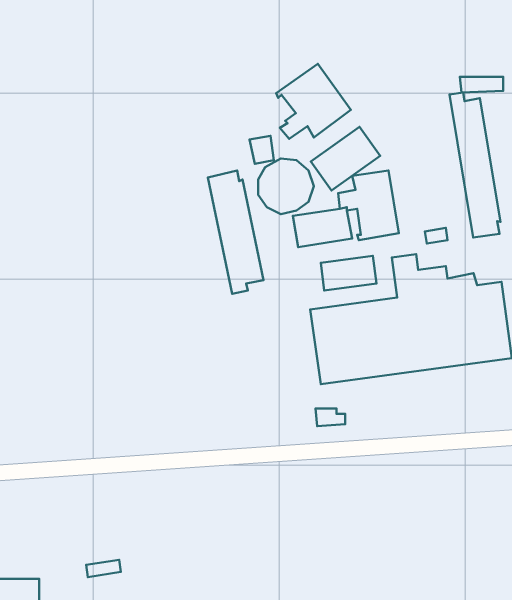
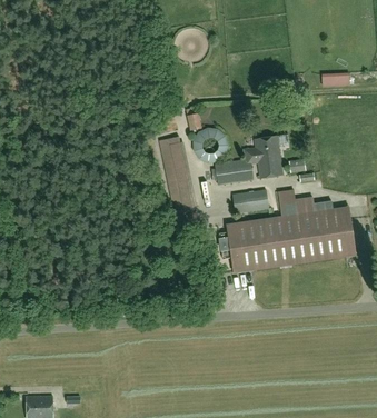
building: [276,64,351,139] -> none
building: [449,92,501,237] -> none
building: [311,127,380,190] -> none

